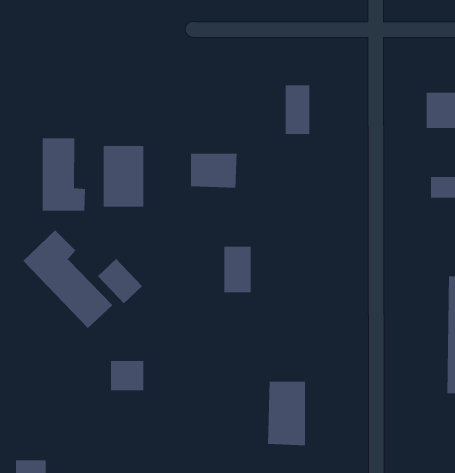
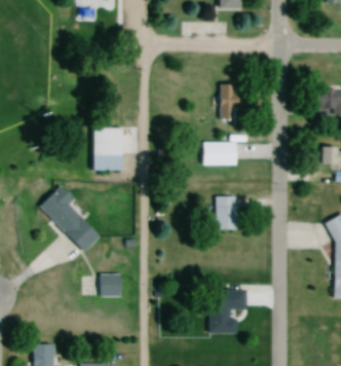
building: [42,137,86,211] -> none
building: [190,153,238,188] -> [205,141,238,166]
building: [223,246,252,293] -> [217,196,236,229]
building: [97,258,143,304] -> none

